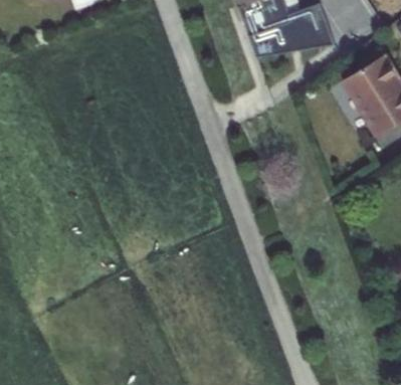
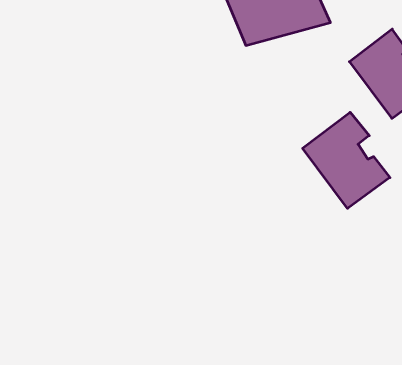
building: none -> [303,112,390,208]

